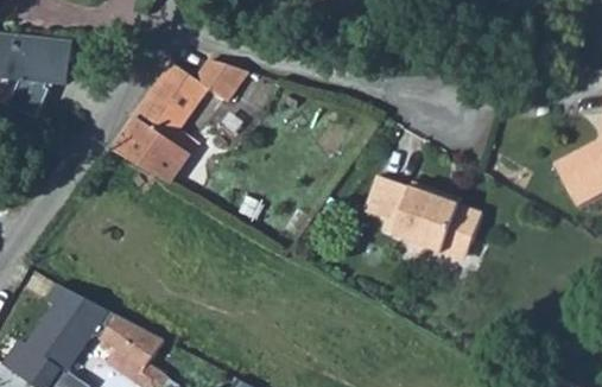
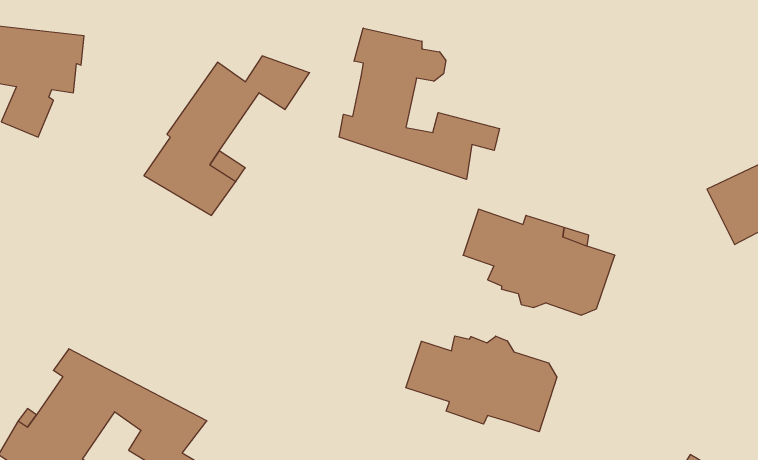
building: none -> [339,28,499,179]
building: none -> [406,336,557,432]

